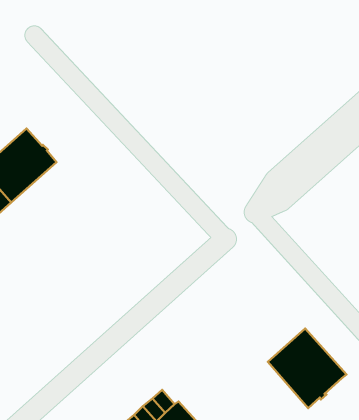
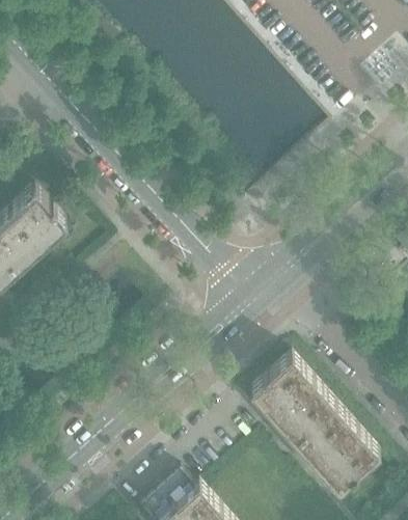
building: none -> [251,359,336,444]

